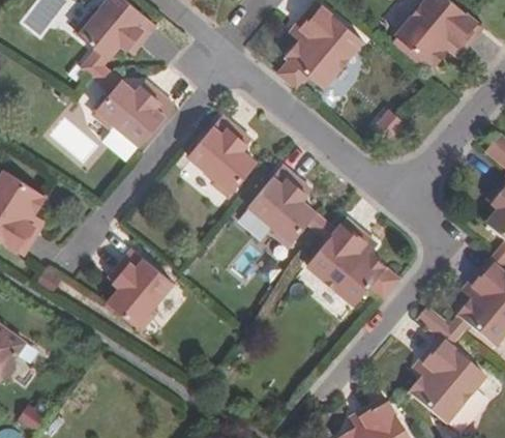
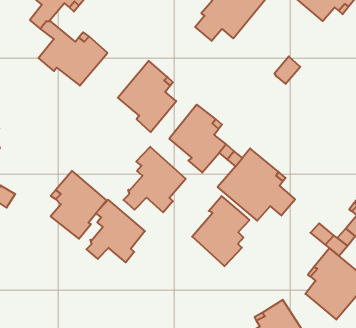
building: none -> [123,147,186,212]
building: none -> [192,196,249,266]
building: none -> [86,200,145,262]

